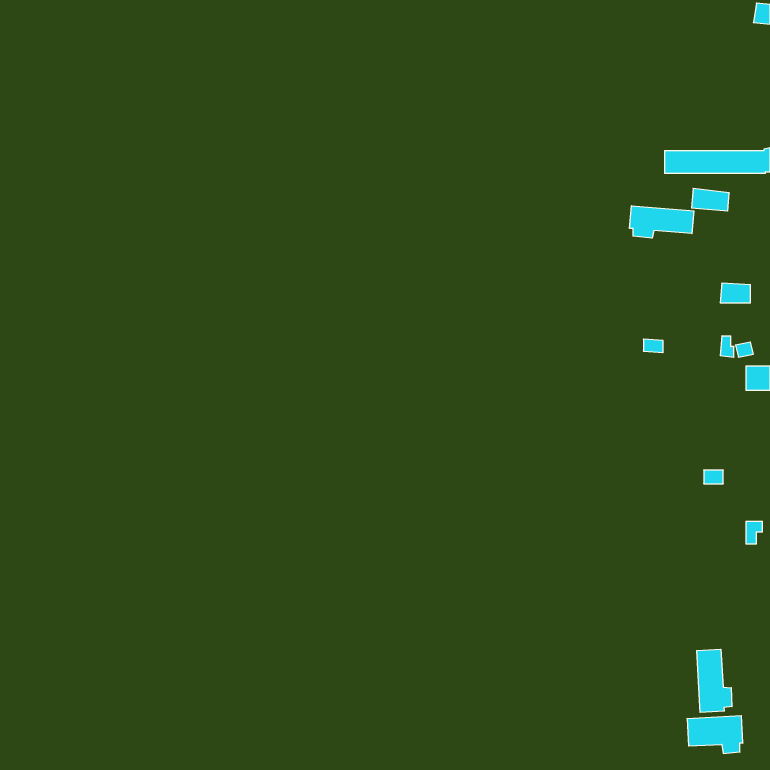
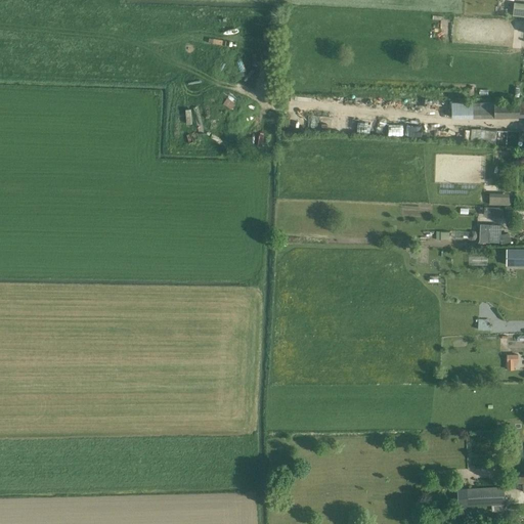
building: [630,206,694,238] -> none
building: [697,649,732,712] -> none

